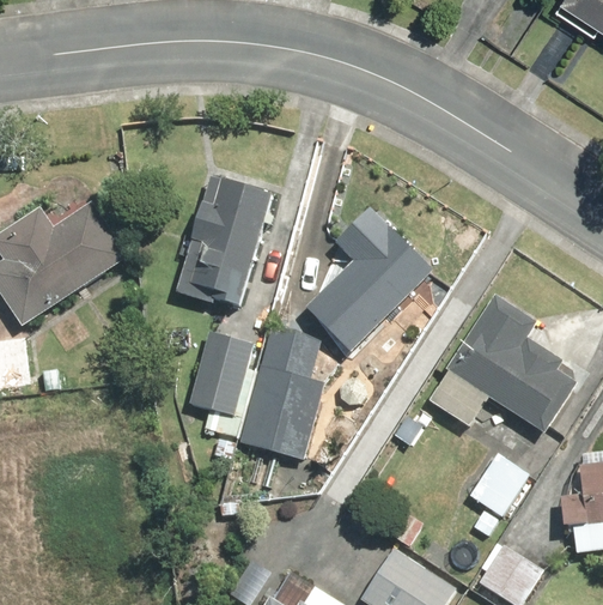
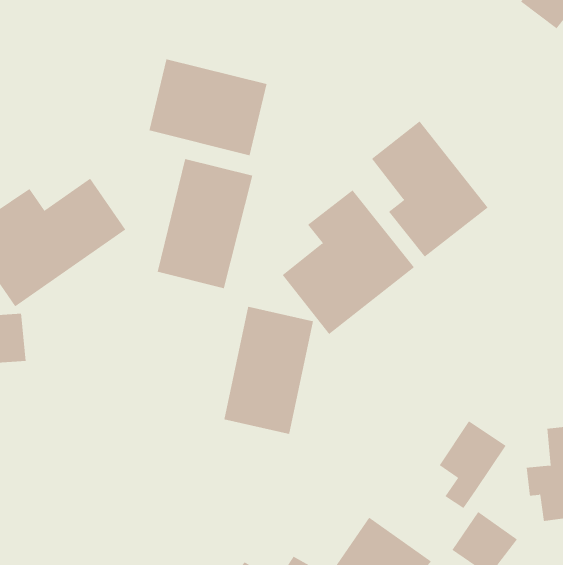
building: none -> [149,58,267,156]
building: none -> [371,120,488,257]
building: [426,292,575,436] -> none
building: [189,333,258,436] -> none

